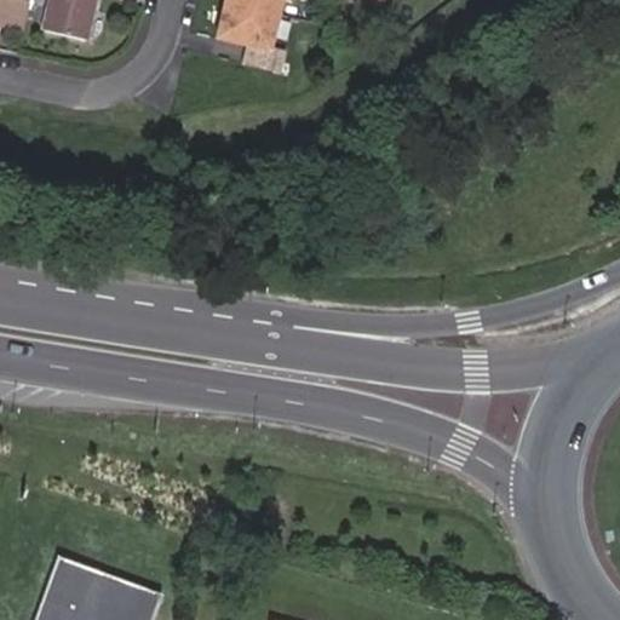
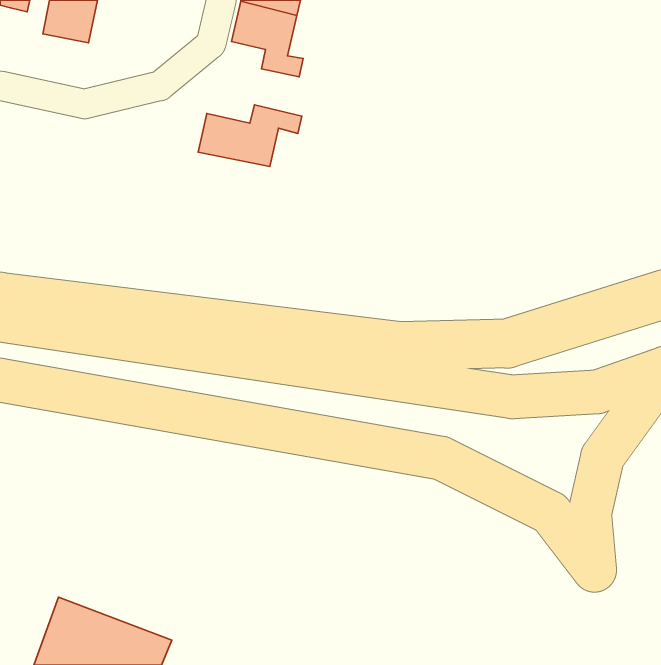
building: none -> [198,105,302,167]

